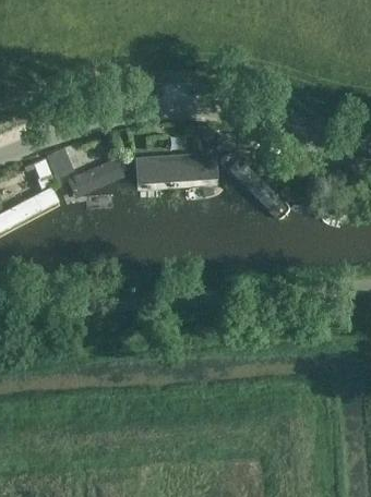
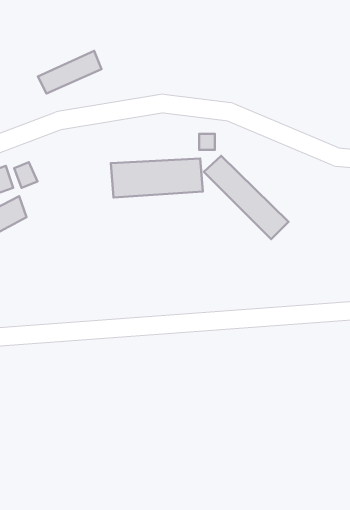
building: [67,157,123,195] -> [38,51,101,94]

